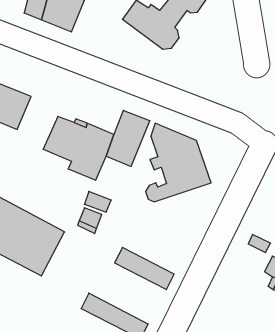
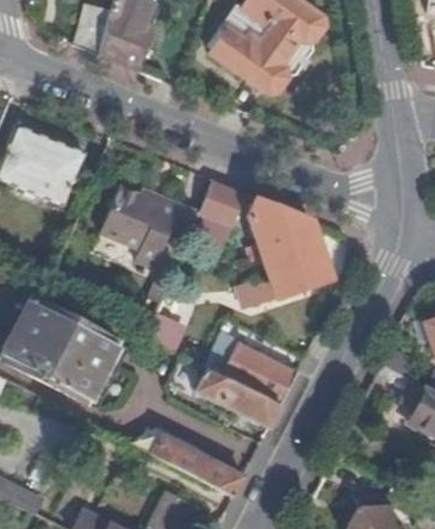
building: none -> [204,331,298,405]

